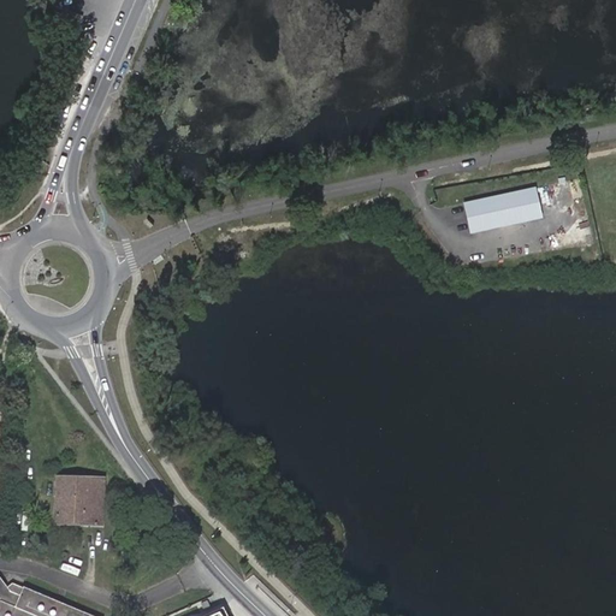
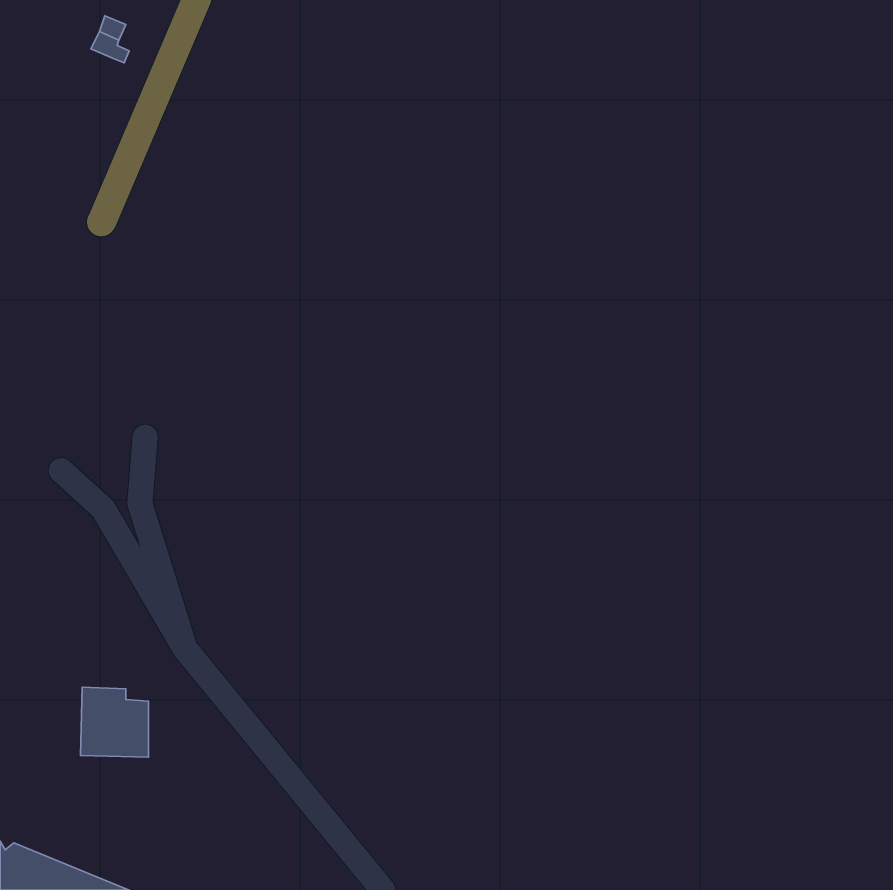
building: [462,189,540,235] -> none

